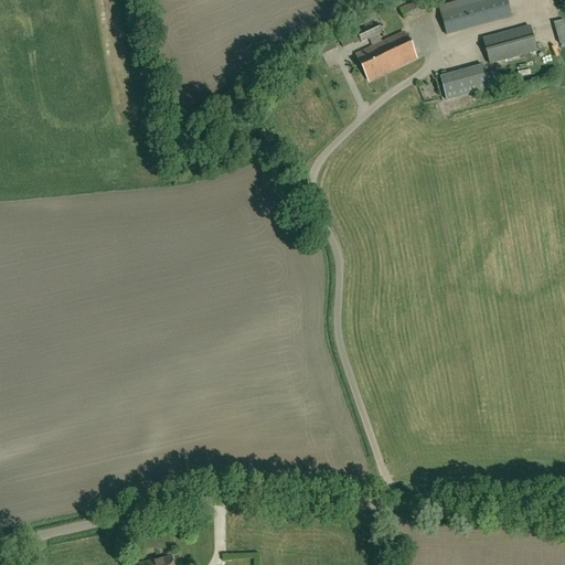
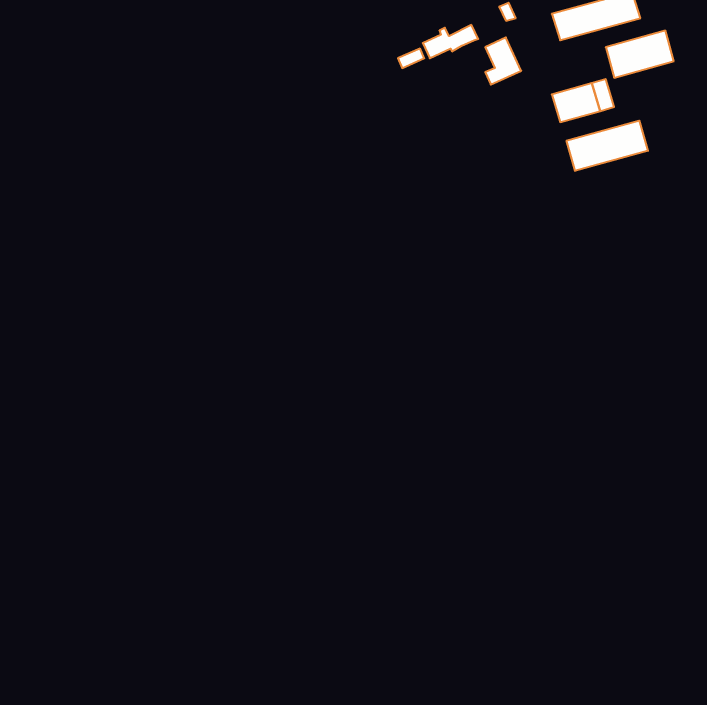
building: [355,38,394,78] -> none
building: none -> [567,121,648,171]

